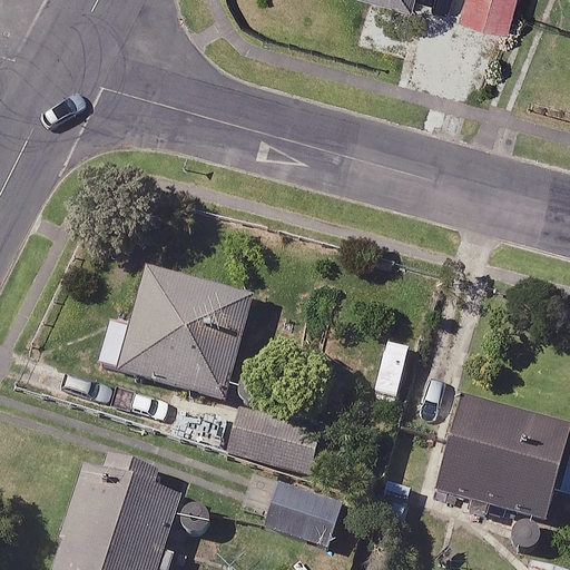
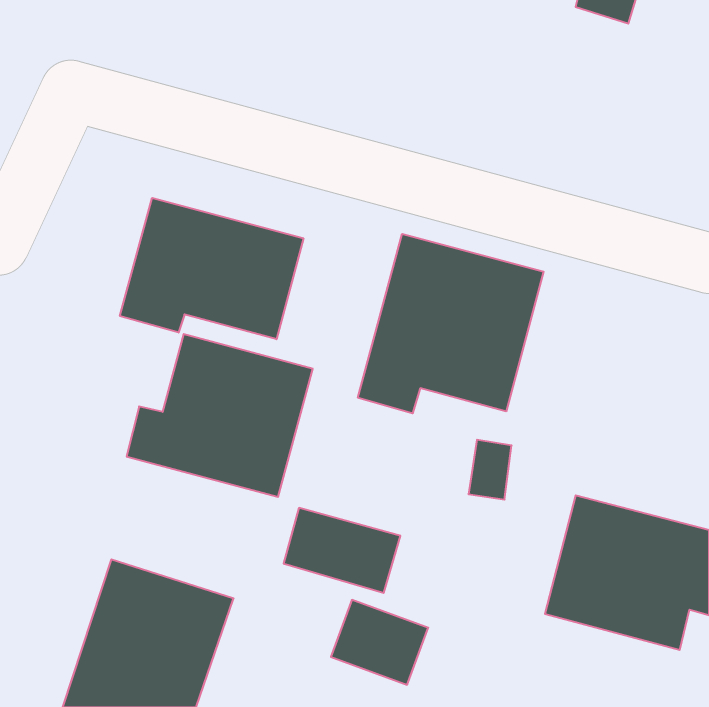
building: none -> [120,198,303,339]
building: none -> [358,234,544,413]

